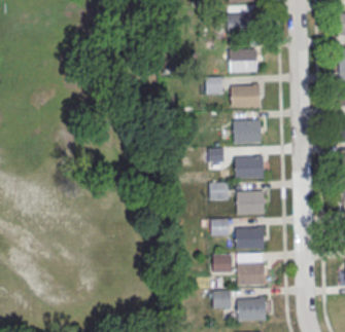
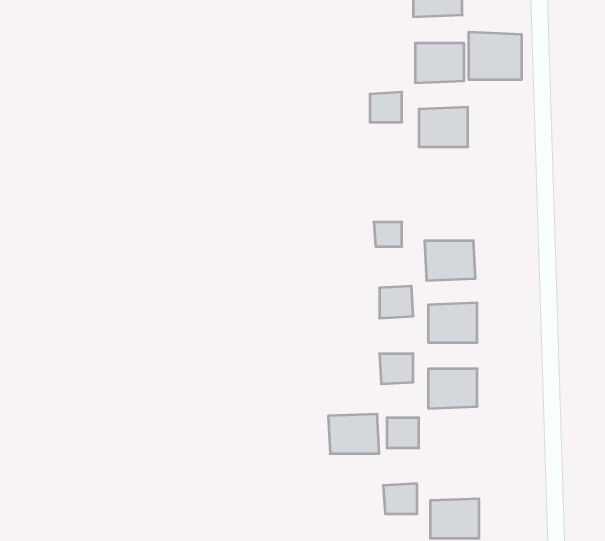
building: none -> [469,32,521,80]
building: [234,121,261,143] -> none
building: [237,262,265,284] -> [328,414,379,454]

